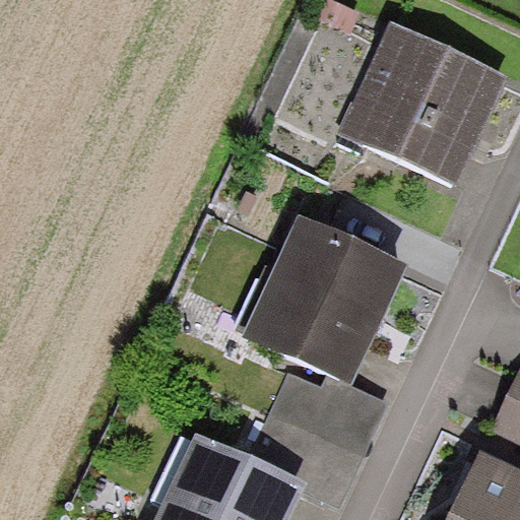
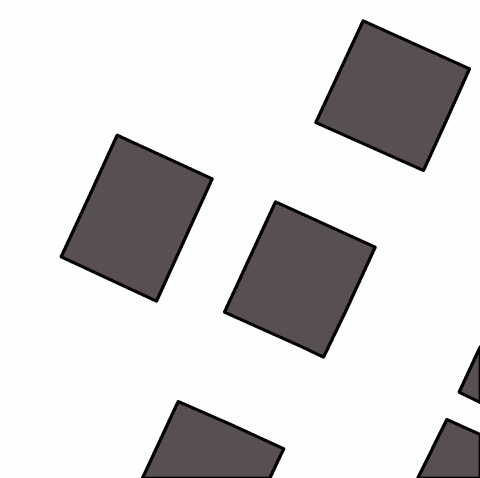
building: none -> [61,135,212,301]
building: [248,370,387,509] -> none

